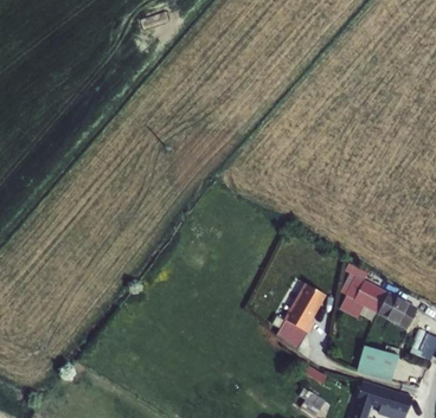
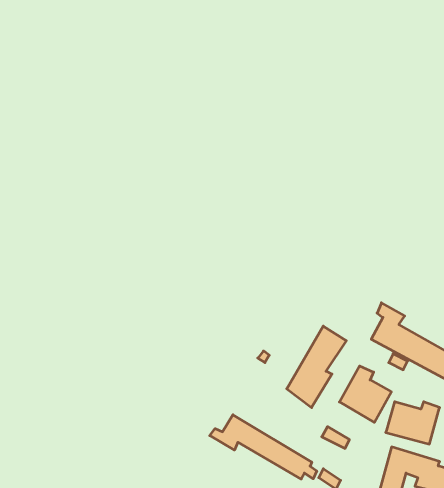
building: none -> [339,366,391,422]
building: none -> [210,415,317,479]

